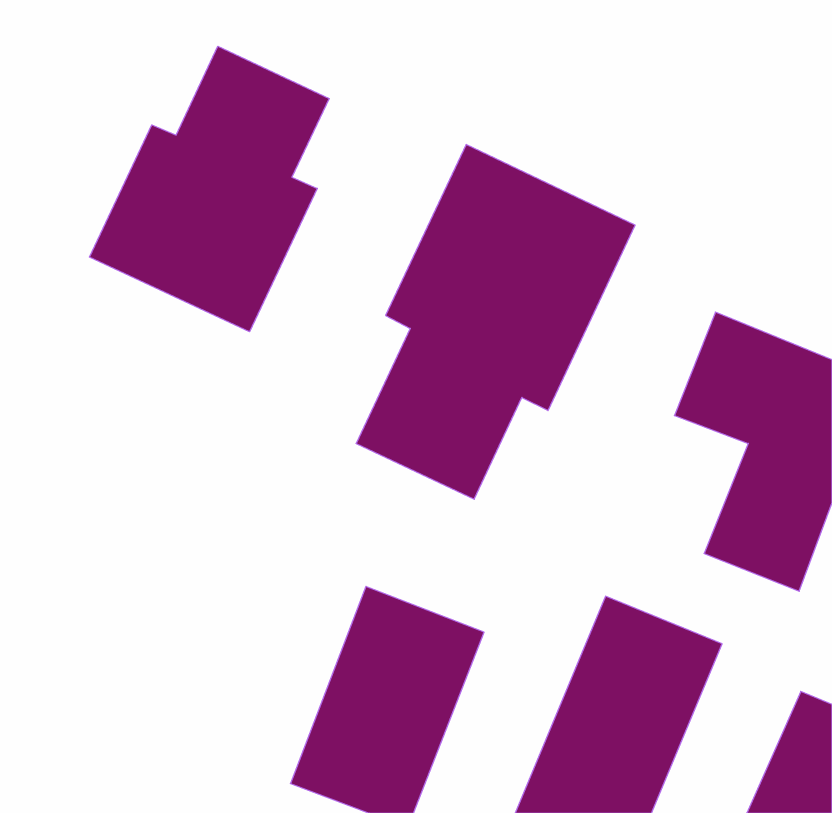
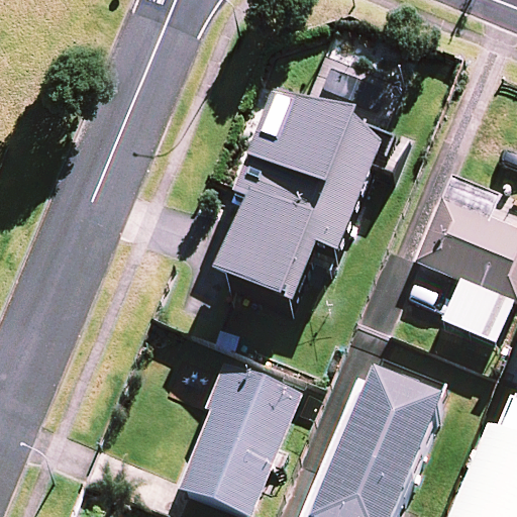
building: [90,46,329,332] -> none

